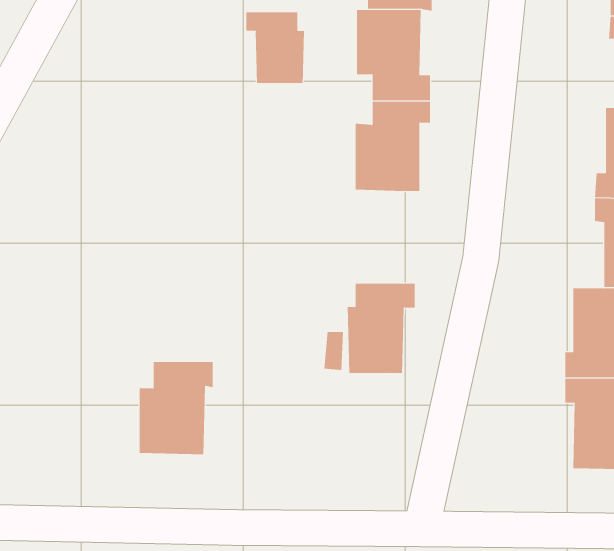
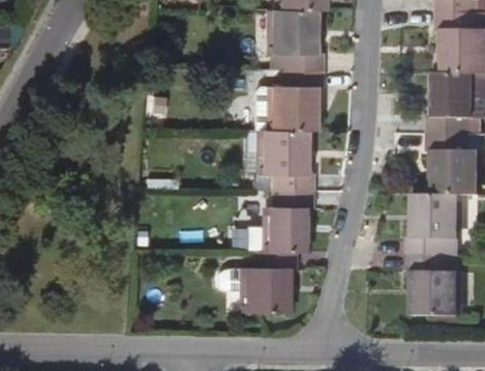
building: [246,11,305,84] -> none
building: none -> [242,130,308,192]
building: [139,361,214,455] -> [241,252,291,314]

